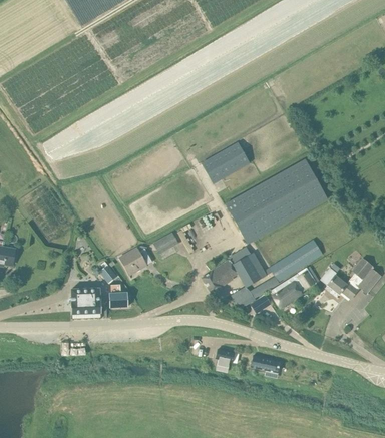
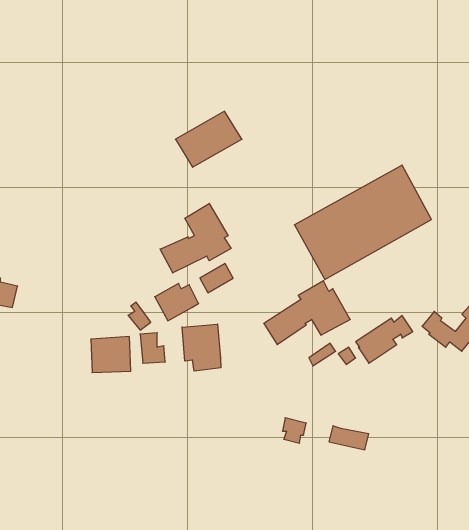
building: [201,142,251,184] -> [175,111,242,167]
building: none -> [160,203,231,273]
building: [270,239,324,283] -> none
building: none -> [182,324,221,371]

